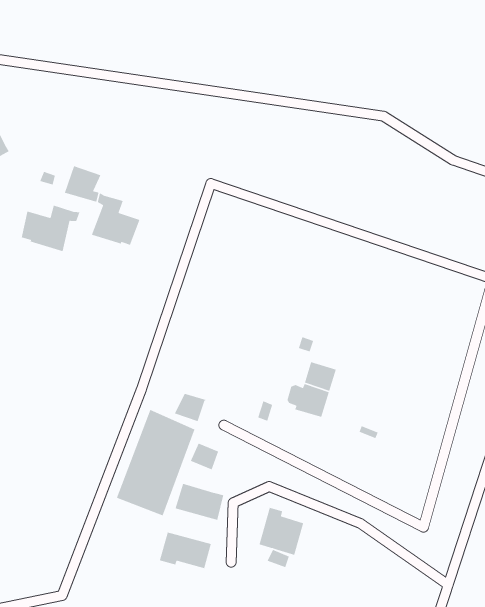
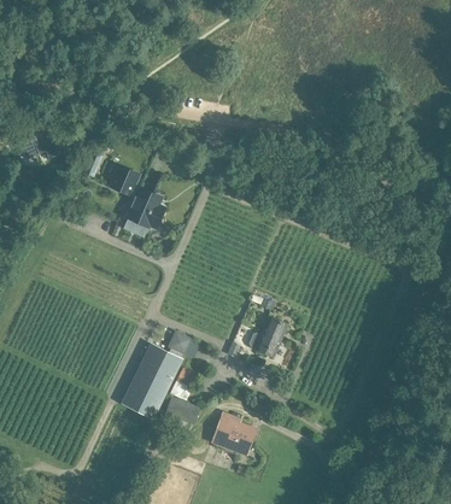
building: [21,205,80,252] -> none
building: [159,532,212,569] -> none

